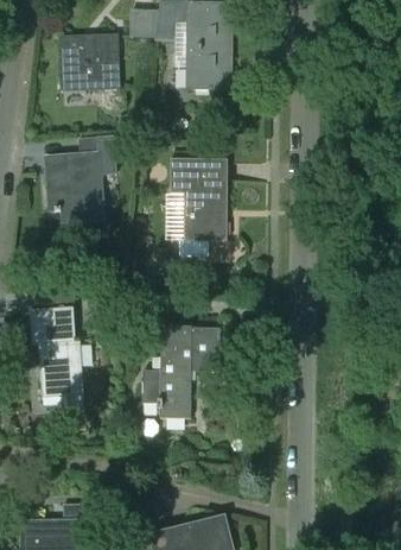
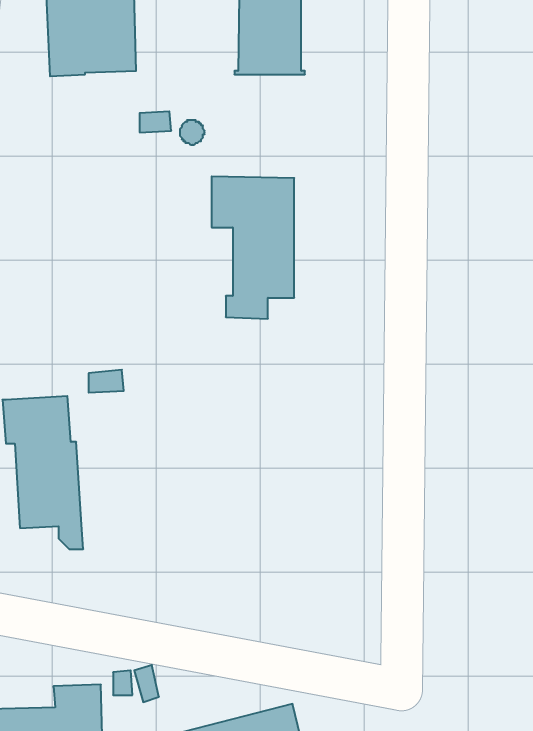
building: [46,135,116,223] -> none
building: [142,327,221,418] -> none

